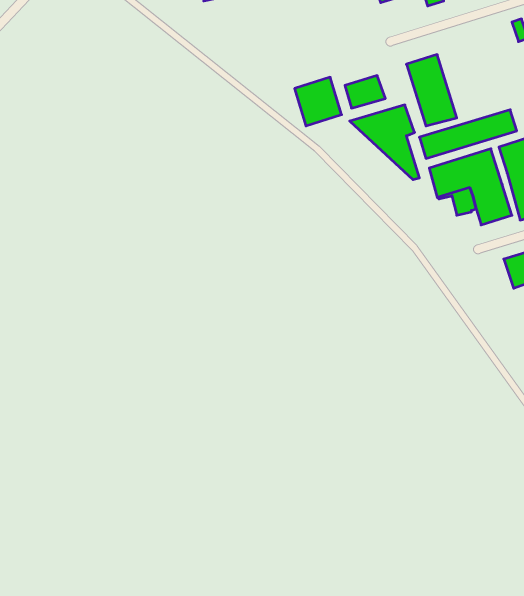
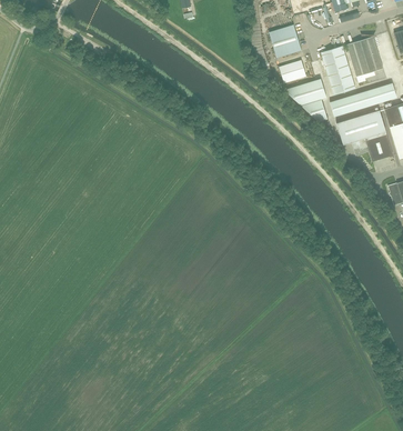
building: none -> [346,33,383,76]
building: [295,77,342,126] -> [269,23,301,57]

